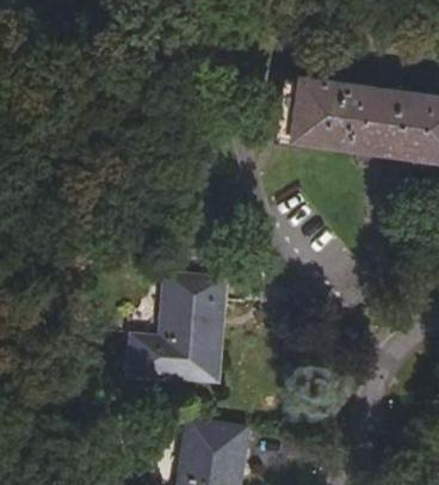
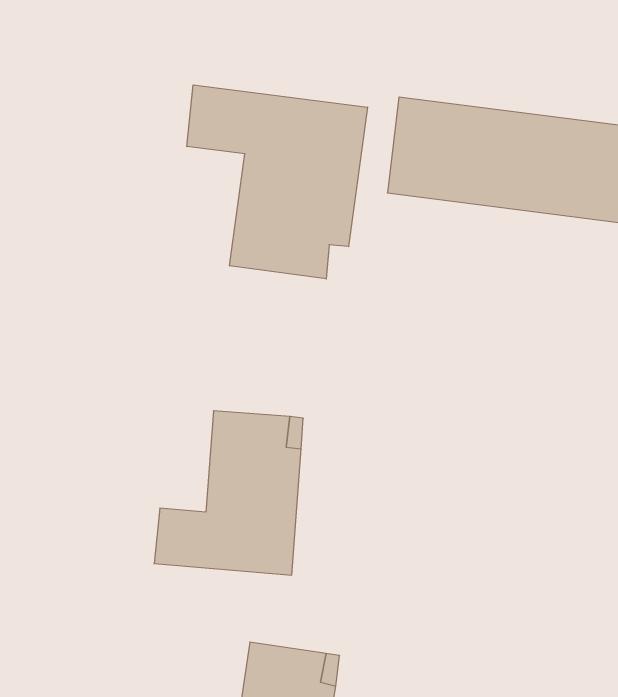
building: none -> [187,85,368,279]

